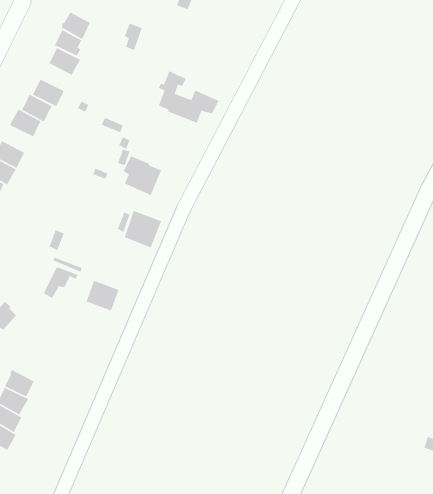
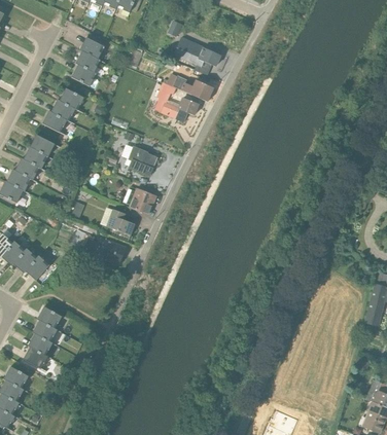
building: none -> [173,37,220,68]
building: none -> [163,73,214,102]
building: none -> [100,207,135,235]

